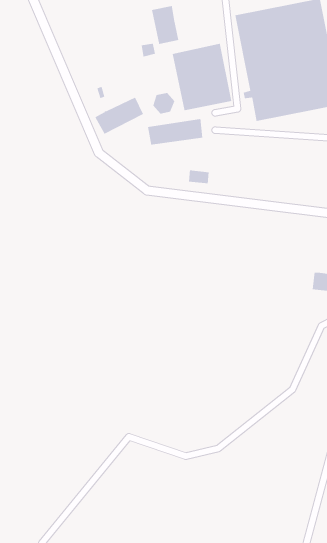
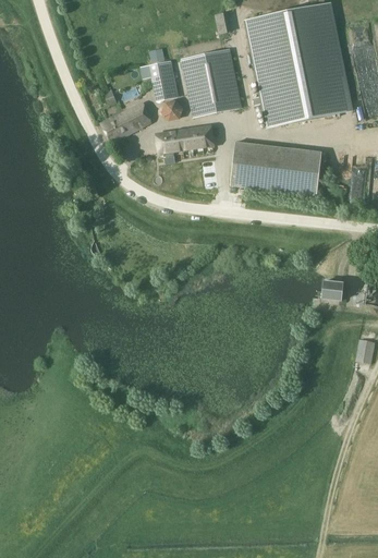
building: [151,6,179,44] -> [149,60,178,99]
building: none -> [230,141,321,195]

